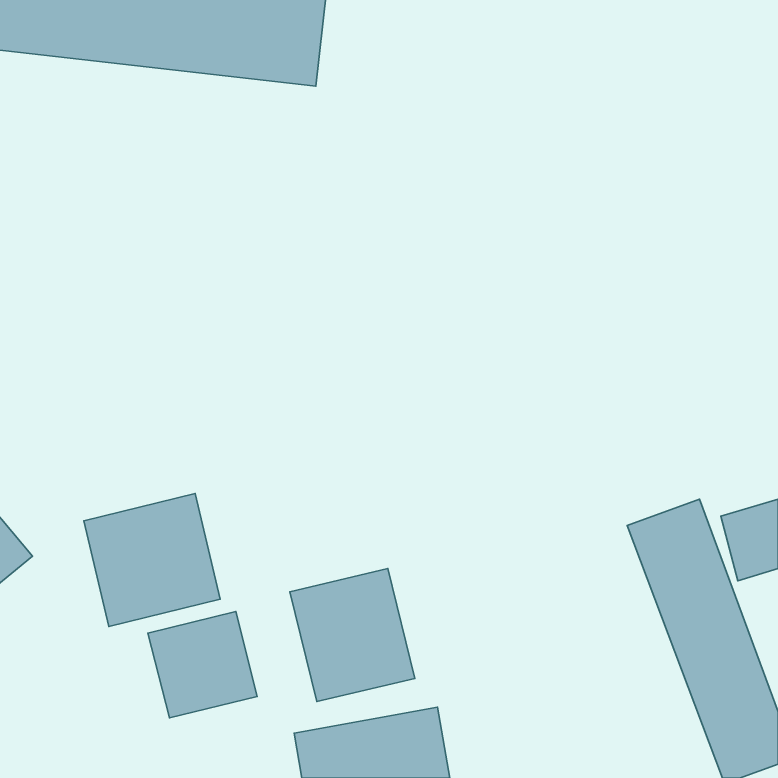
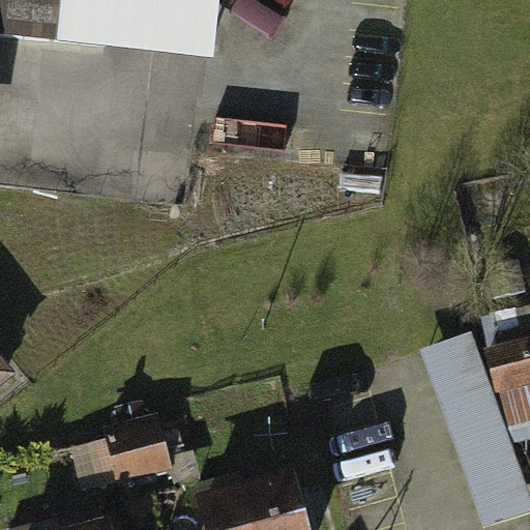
building: [84,494,220,627] -> none
building: [290,569,415,702] -> none

